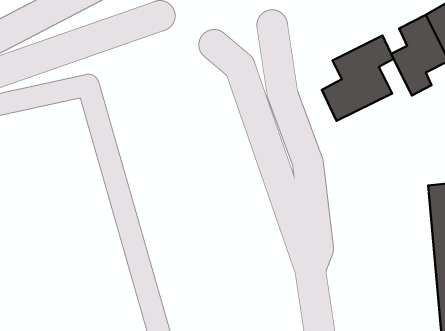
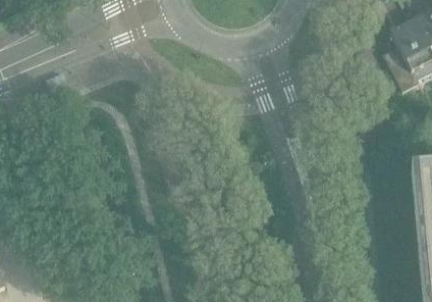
building: [322,36,393,121] -> none

